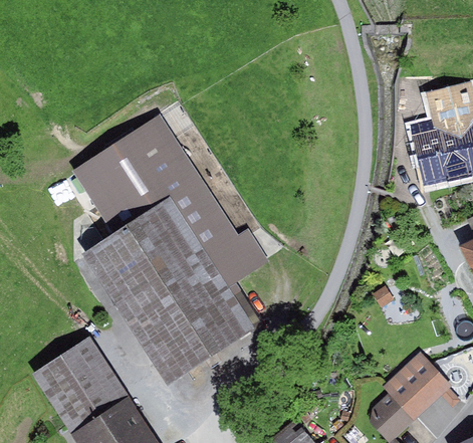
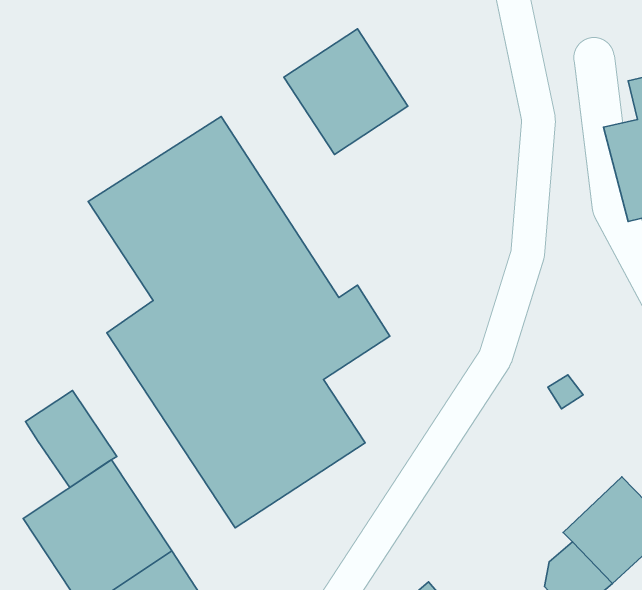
building: none -> [284,29,408,155]
building: none -> [25,391,117,487]

